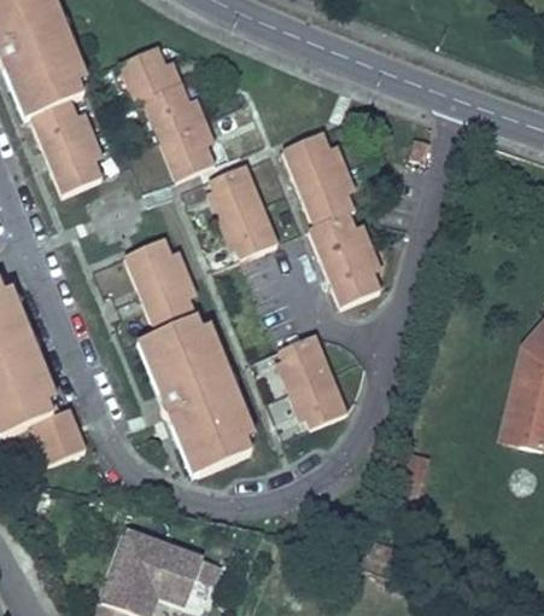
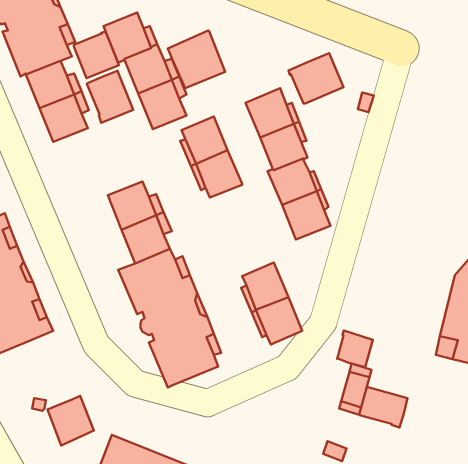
building: none -> [168,30,225,88]
building: none -> [74,31,119,78]
building: none -> [288,53,344,104]
building: none -> [87,71,133,123]
building: [33,407,86,464] -> [48,396,94,445]
building: none -> [337,331,373,367]
building: none -> [359,387,408,427]

